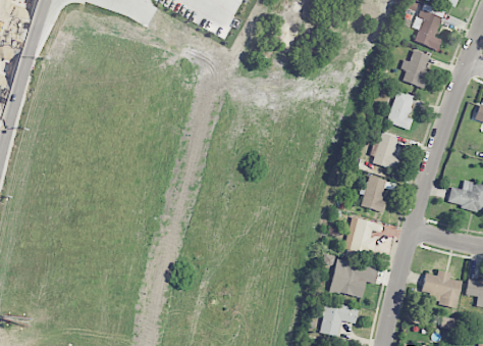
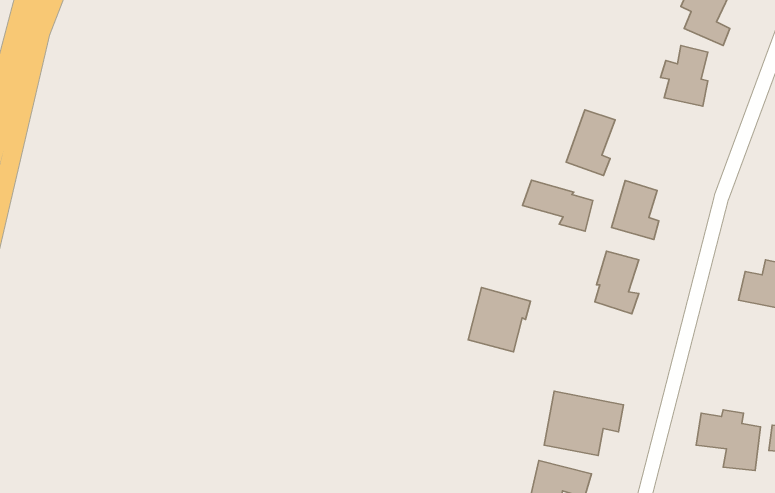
building: [386,90,416,130] -> [566,110,615,176]
building: none -> [523,180,593,231]
building: [344,216,382,255] -> [468,288,531,352]

